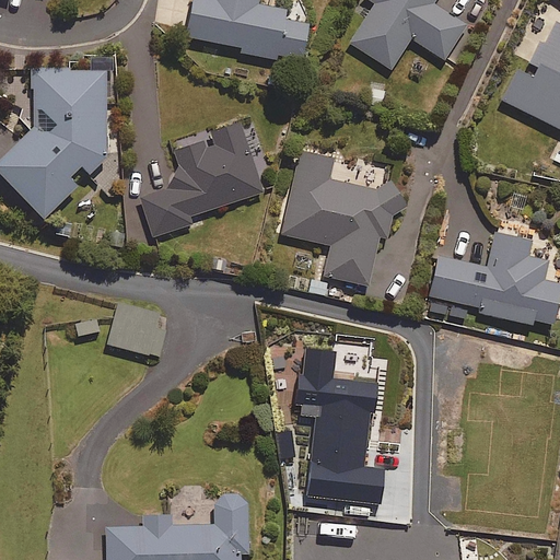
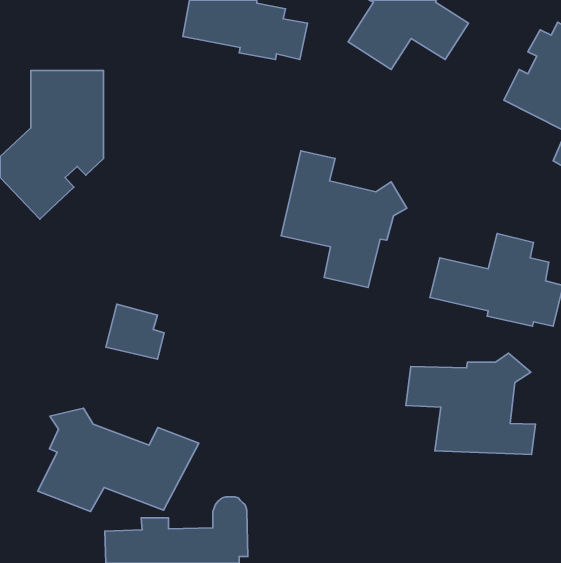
building: [131,119,265,242] -> none
building: [293,347,388,505] -> none
building: none -> [406,353,535,454]
building: none -> [38,408,199,511]

